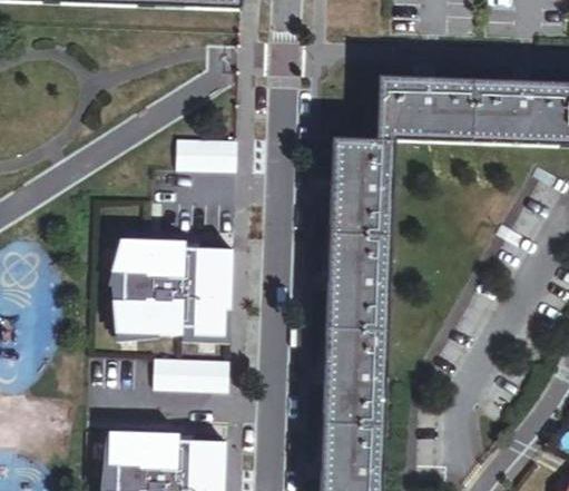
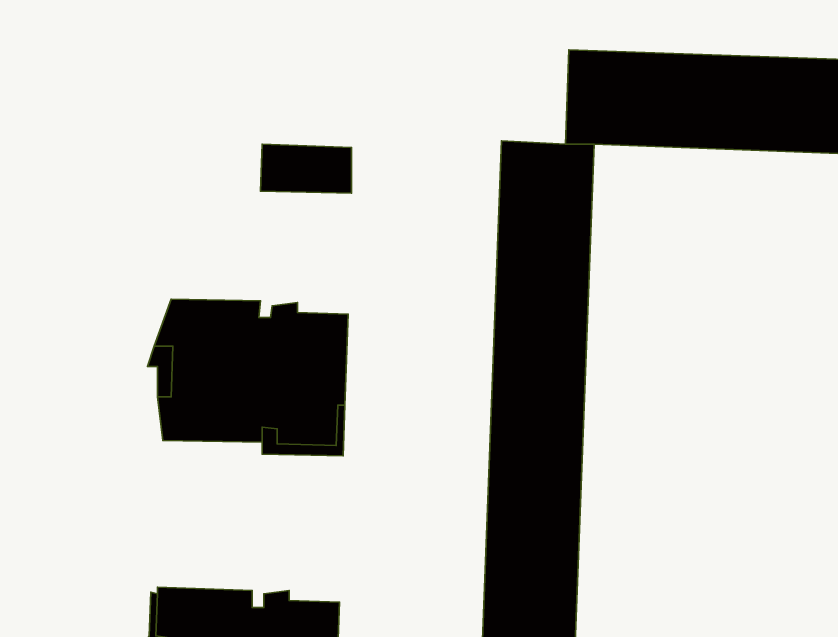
building: [154,357,229,391] -> none

